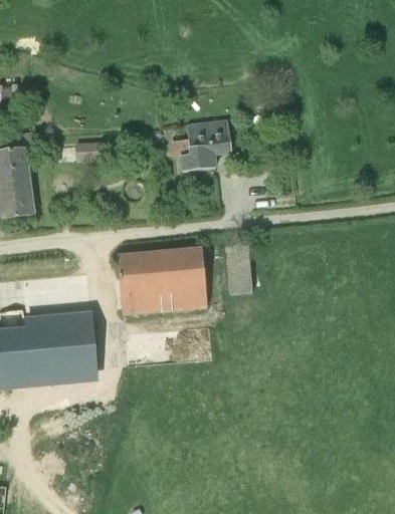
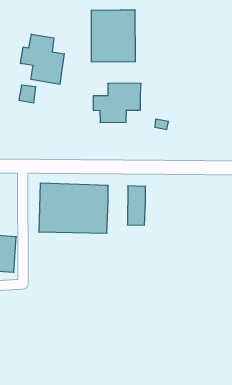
building: none -> [91,10,135,62]
building: none -> [21,34,64,84]

